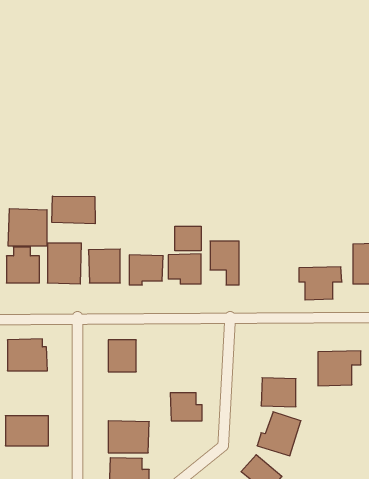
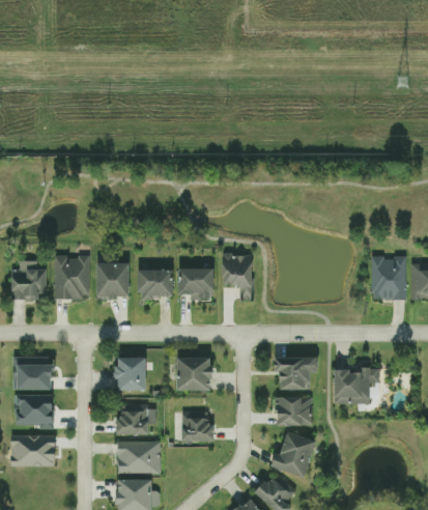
building: [52,196,95,224] -> none
building: [8,209,47,246] -> none
building: [175,226,201,251] -> none
building: [299,267,342,300] -> [275,356,319,390]
building: none -> [177,357,212,390]
building: none -> [16,394,55,429]
building: none -> [117,405,154,434]

